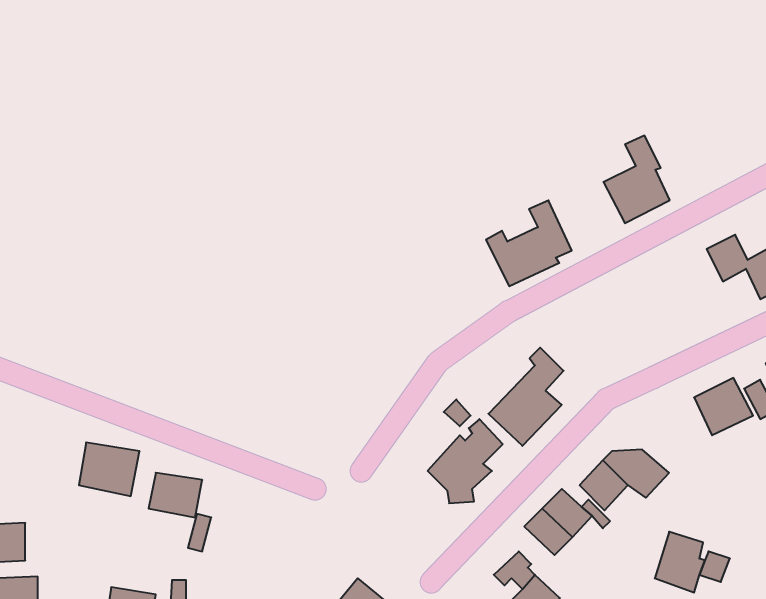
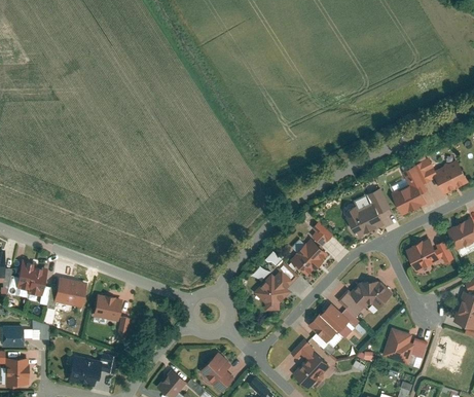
building: [603,136,670,223] -> [390,166,428,216]
building: [486,200,572,286] -> [344,189,394,239]
building: none -> [16,263,46,294]

